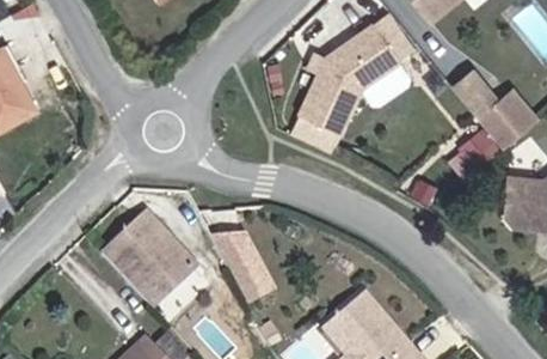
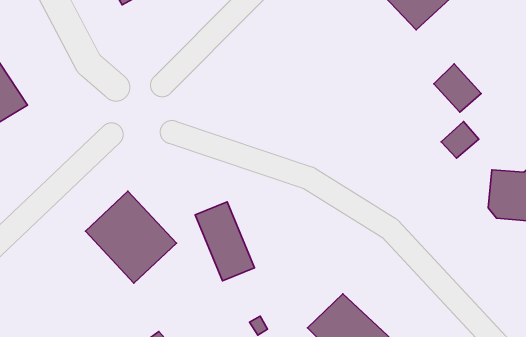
building: [301,16,414,138] -> none
building: [479,86,536,144] -> none

